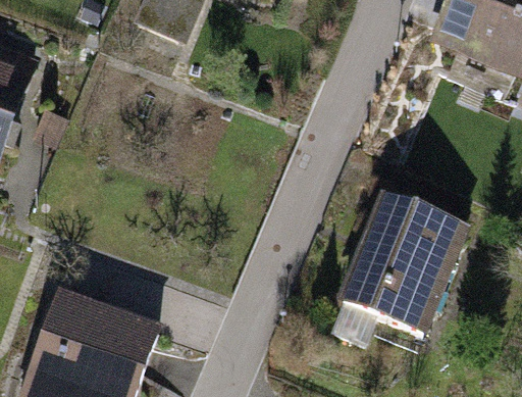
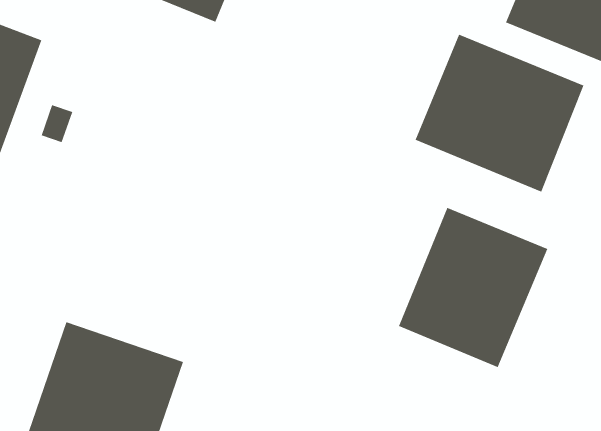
building: none -> [415,34,584,192]

